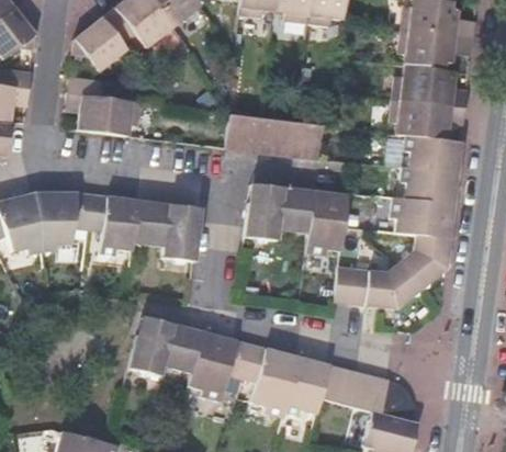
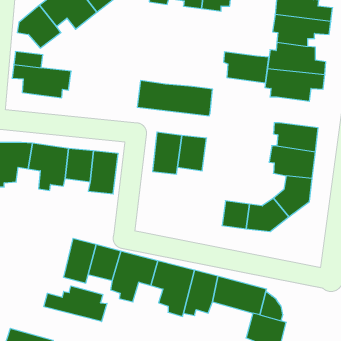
building: [404,135,462,174] -> [224,52,269,83]
building: [307,188,349,249] -> none
building: none -> [44,286,107,322]

